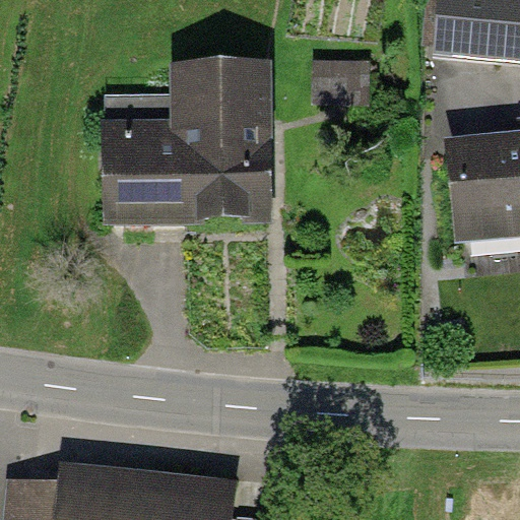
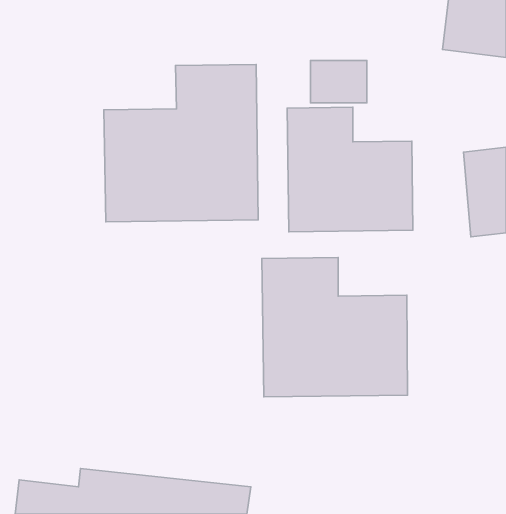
building: none -> [287,107,413,232]
building: none -> [262,257,408,397]

